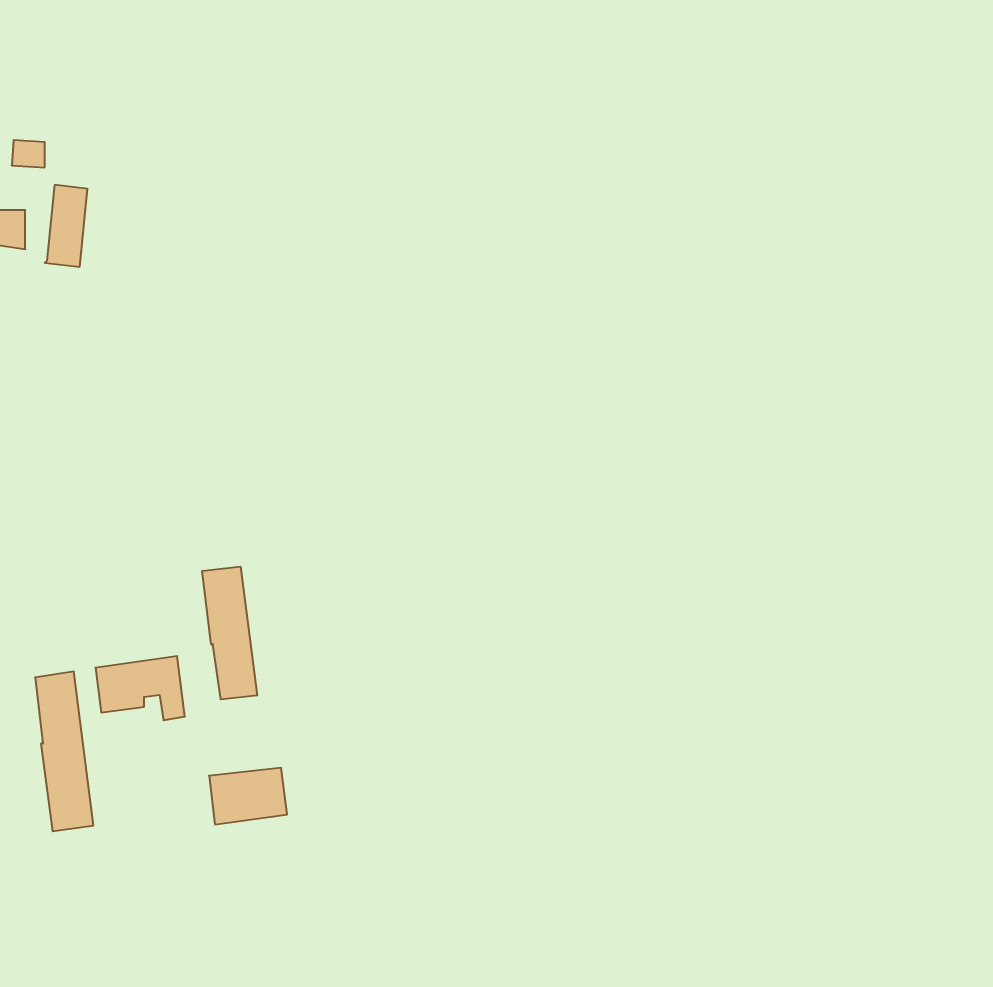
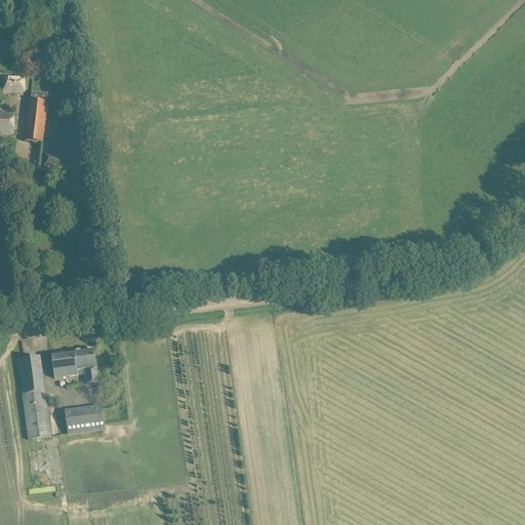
building: [202,567,257,699] -> none
building: [209,768,287,824] -> [64,402,105,432]

